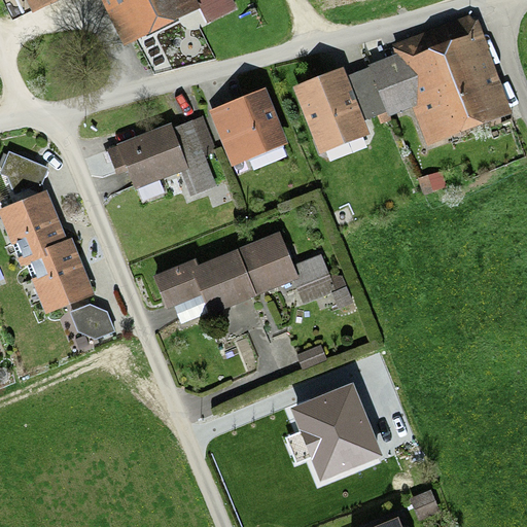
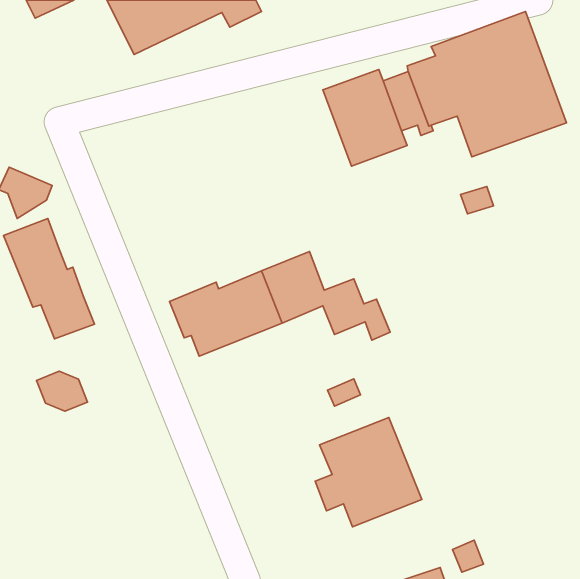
building: [208,86,288,166] -> none
building: [107,116,216,206] -> none
building: [69,304,115,340] -> [36,371,88,411]

